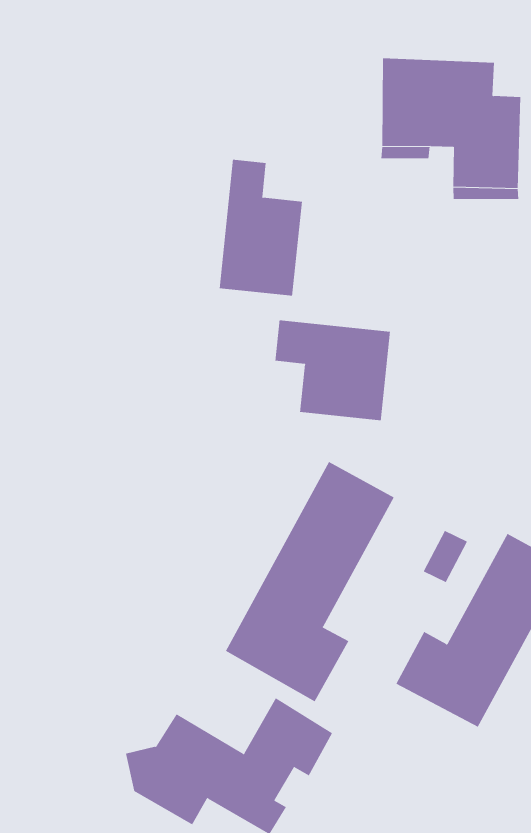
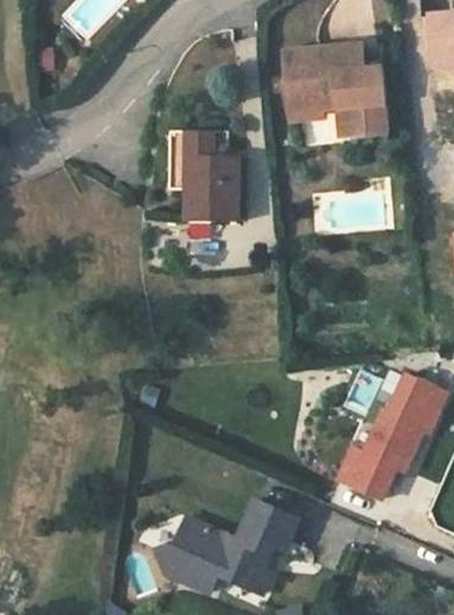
building: [275,319,391,421] -> none
building: [225,461,394,702] -> none

